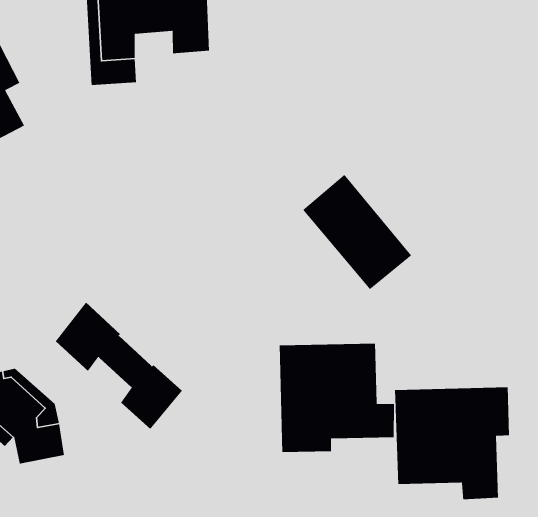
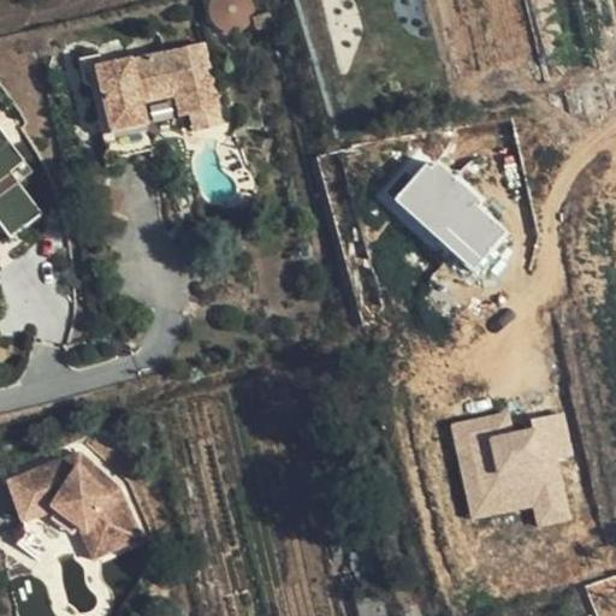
building: [302,174,412,290] -> [392,159,509,272]
building: [55,302,183,430] -> none
building: [279,343,395,453] -> none

